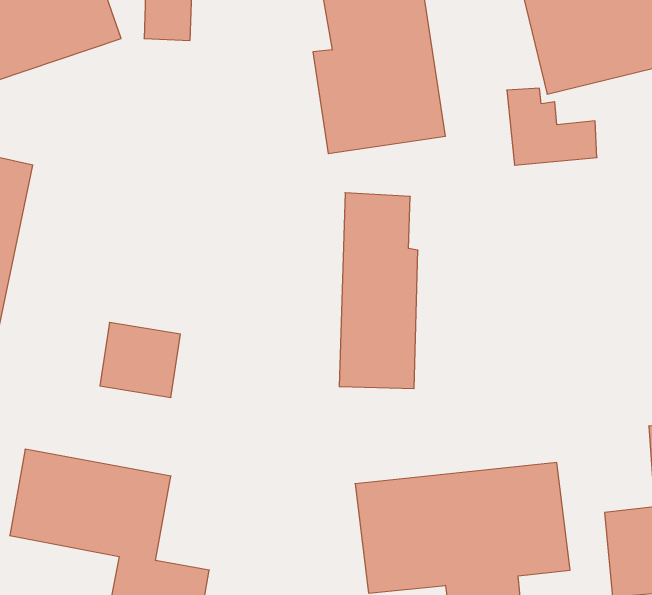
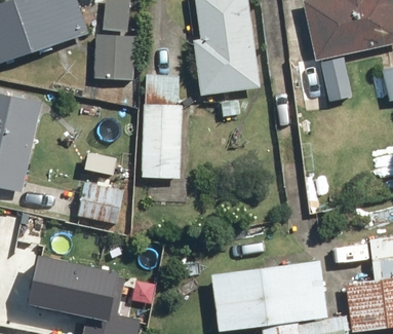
building: none -> [90,36,133,83]
building: [339,193,418,389] -> [141,75,183,180]

